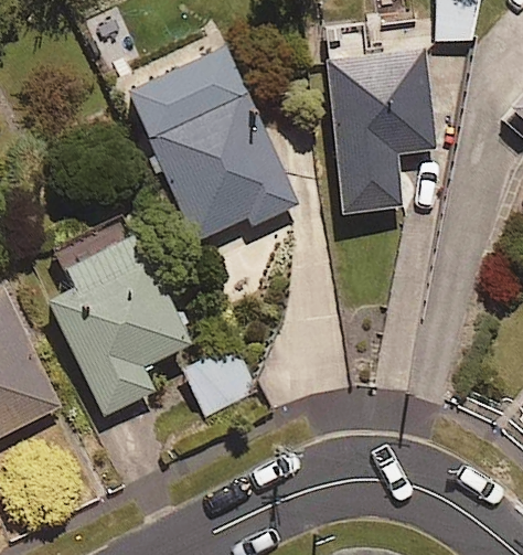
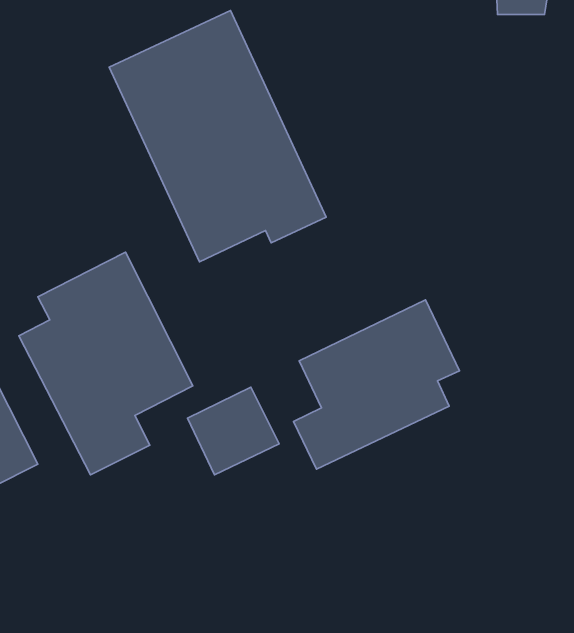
building: [325,50,436,212] -> none
building: none -> [293,300,459,469]

